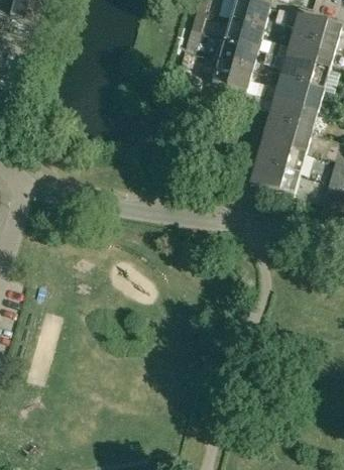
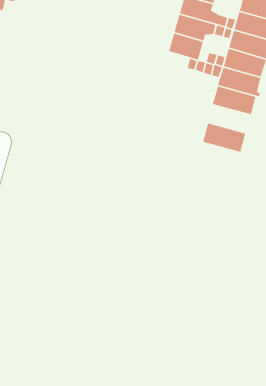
building: [256,138,306,170] -> none

